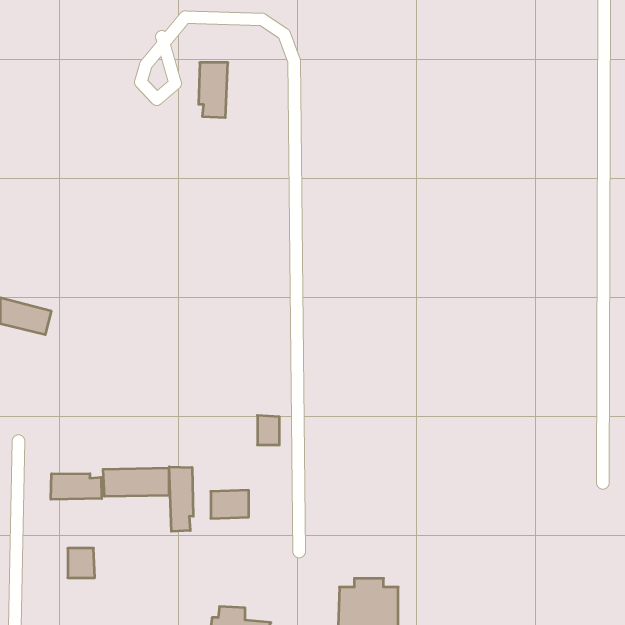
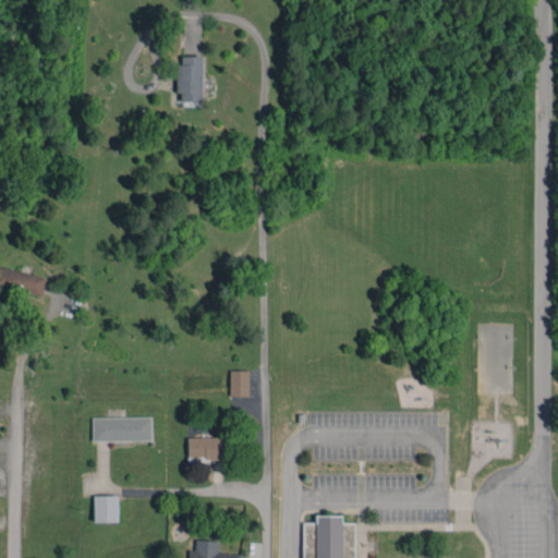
building: [169,467,193,531] -> none
building: [51,474,102,499] -> none
building: [68,548,95,578] -> [95,496,119,522]

